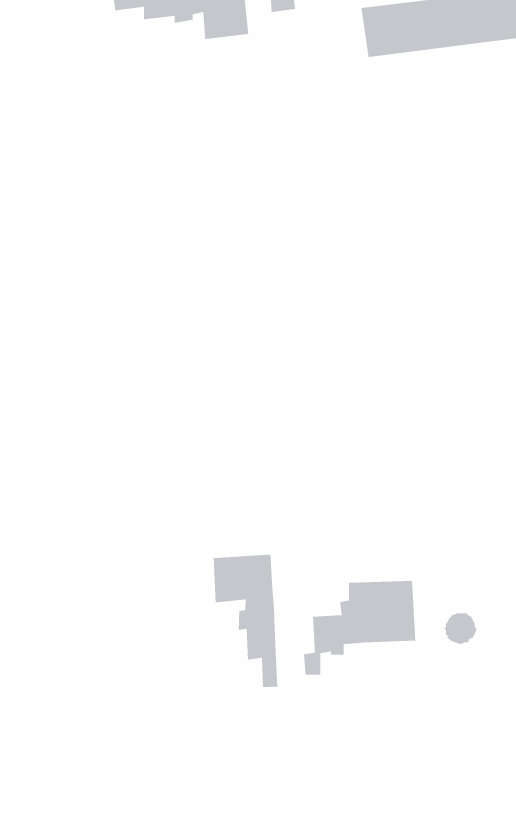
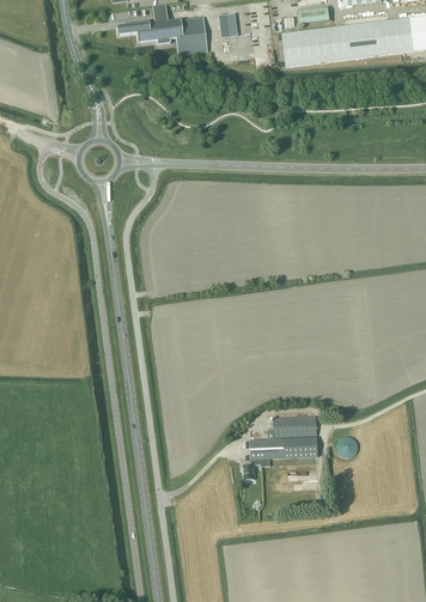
building: [213,554,278,688] -> none

